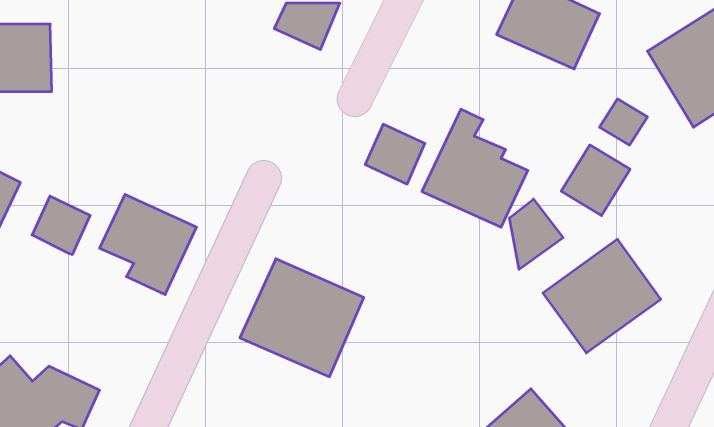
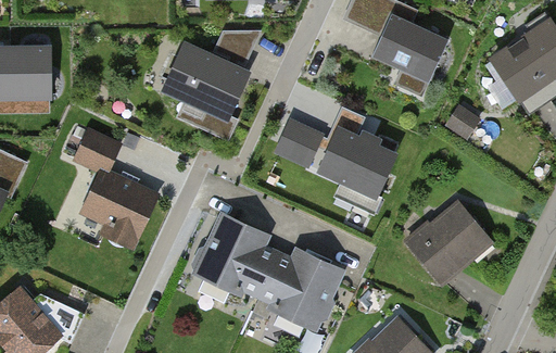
building: none -> [166,45,248,138]
building: [561,145,630,216] -> none
building: [32,196,90,254] -> [77,129,119,172]
building: [510,199,563,269] -> none
building: none -> [252,245,342,332]

